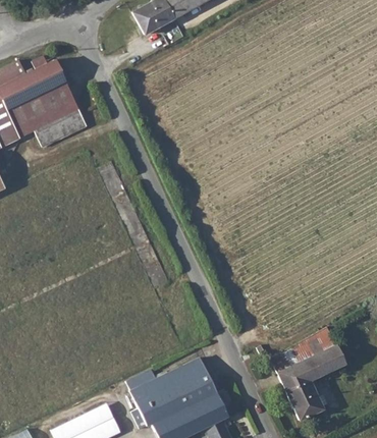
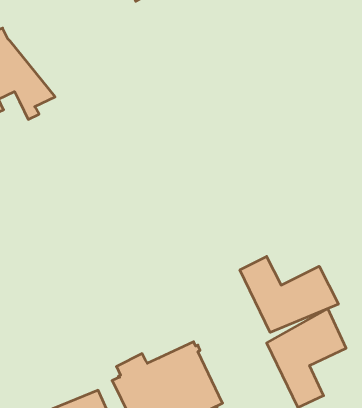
building: [25,55,83,125] -> none
building: none -> [240,256,338,332]

